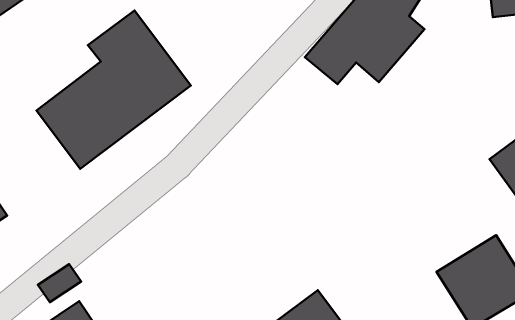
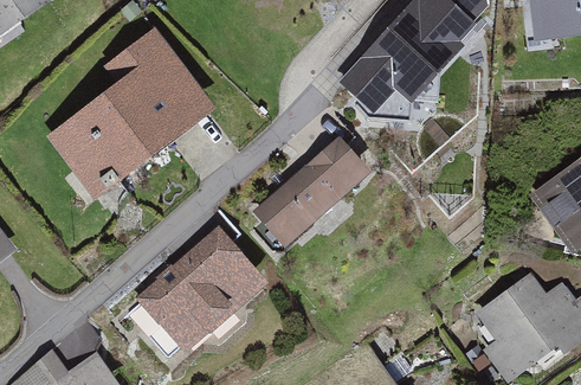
building: none -> [262,140,370,240]
building: none -> [140,233,264,354]

